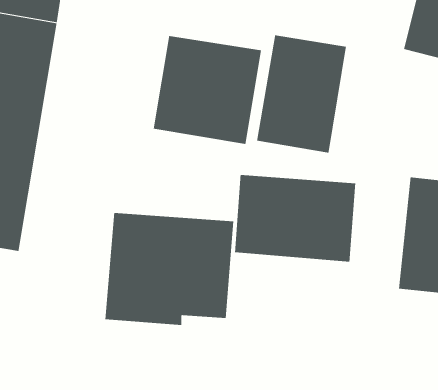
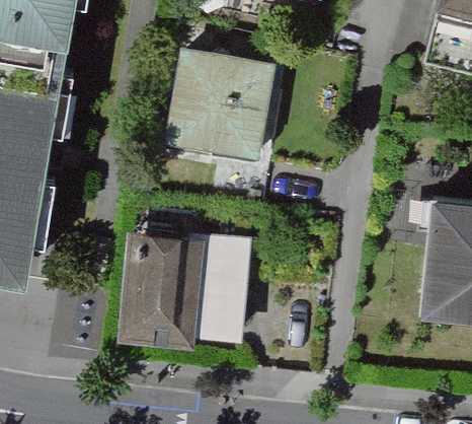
building: [256,34,347,153] -> none
building: [234,174,356,262] -> none

